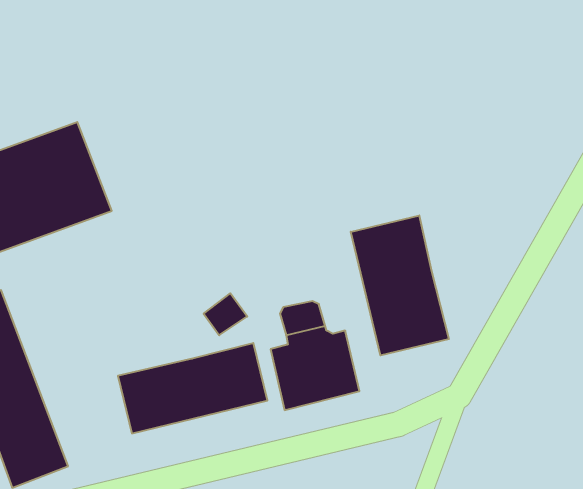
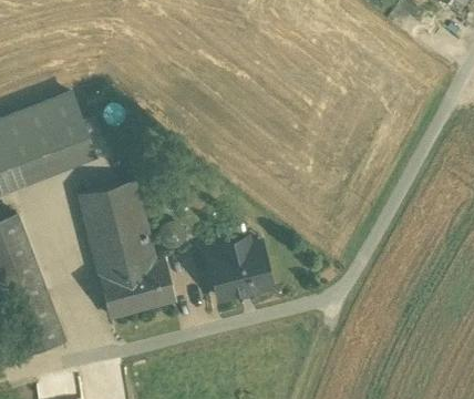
building: [351,215,449,355] -> none
building: none -> [80,182,153,276]

